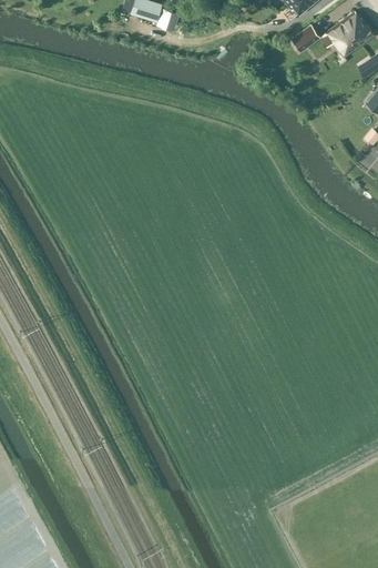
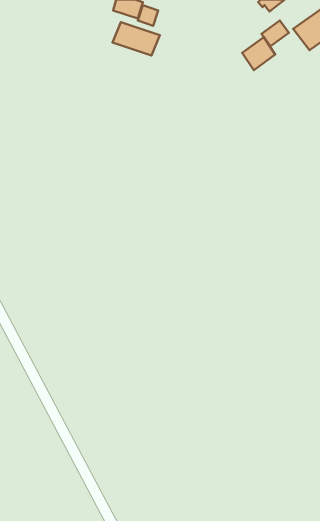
building: none -> [113,22,160,56]
building: none -> [242,37,275,70]

